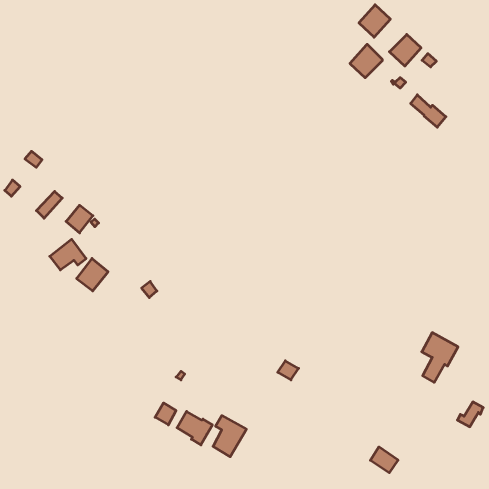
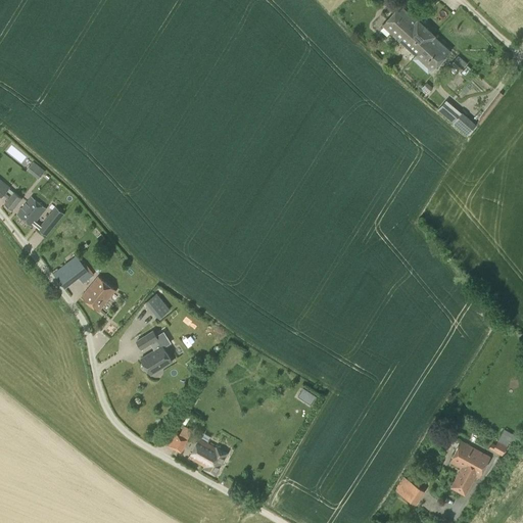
building: [350,44,382,78] -> [399,19,434,55]
building: [66,205,93,233] -> [17,196,46,226]
building: none -> [136,331,172,375]
building: [422,333,458,382] -> [450,441,489,494]
building: [213,416,246,457] -> none

